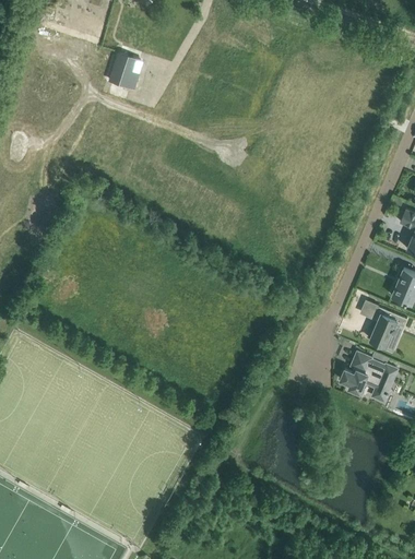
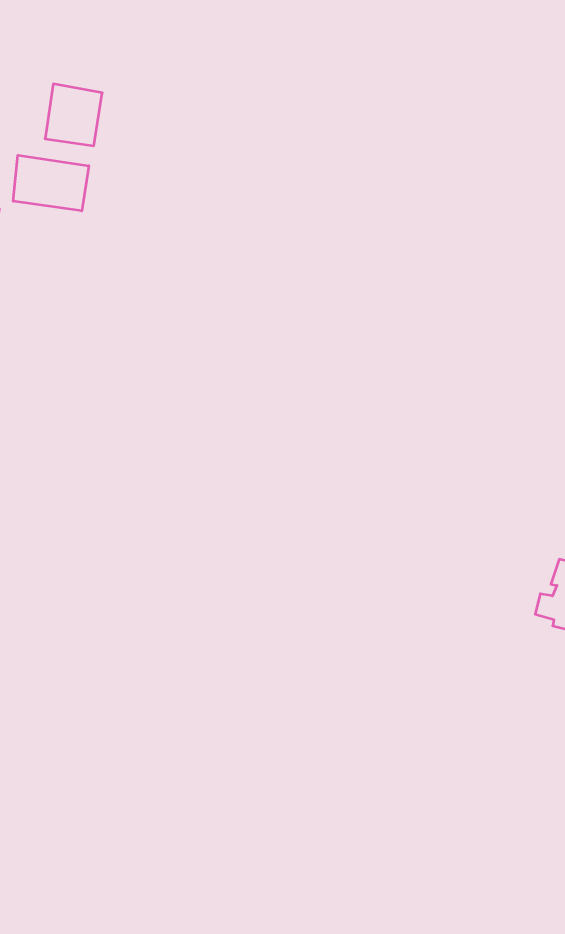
building: none -> [13,155,89,211]

